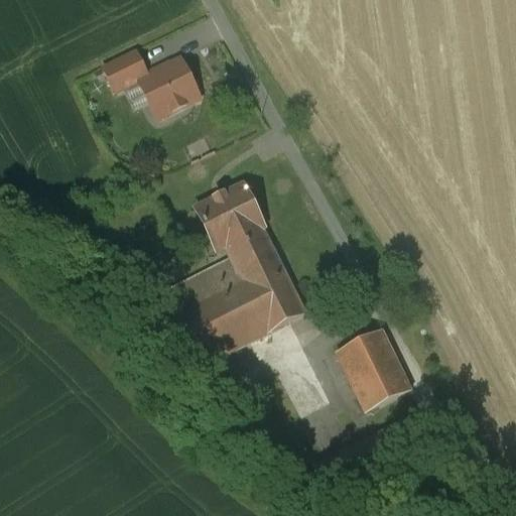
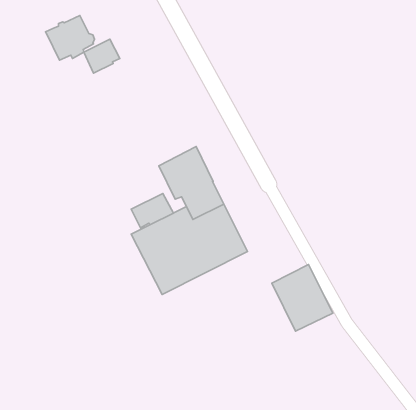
building: [139,56,200,112] -> [46,15,94,60]
building: none -> [131,194,174,228]

